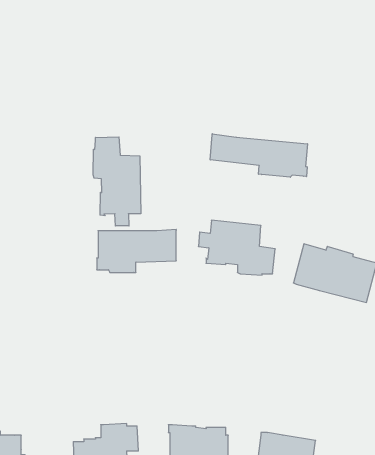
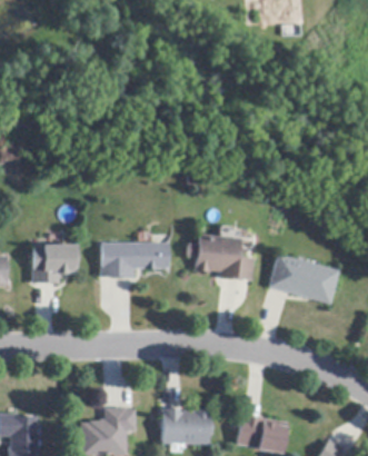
building: [210,134,307,177] -> none
building: [93,137,141,226] -> none
building: none -> [33,244,77,284]

